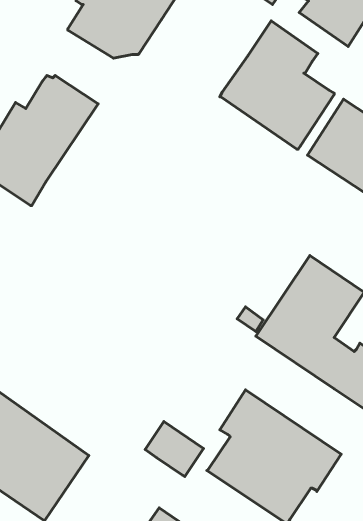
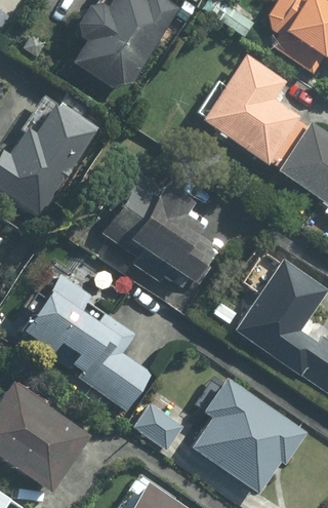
building: none -> [104,170,217,288]
building: none -> [16,271,156,412]

